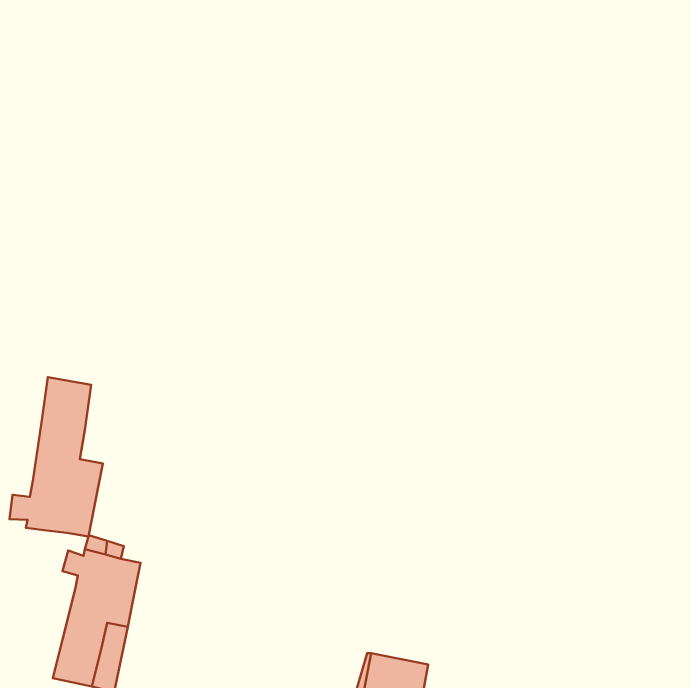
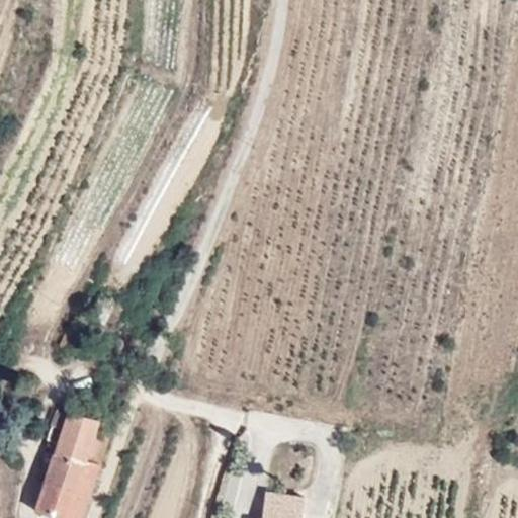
building: [9,377,103,537] -> none

